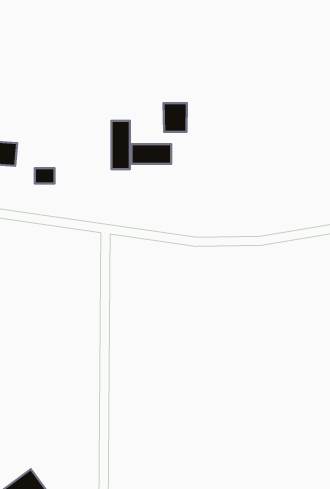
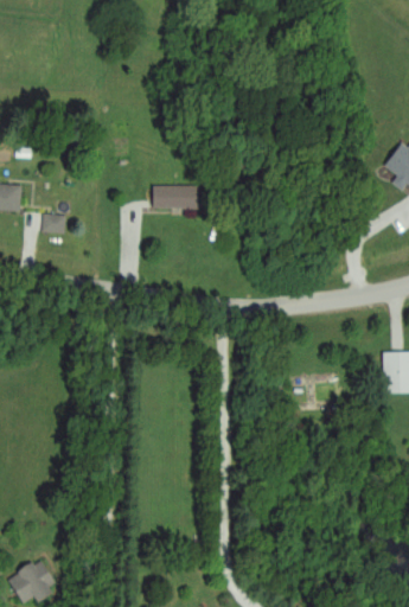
building: [164,103,187,132] -> none
building: [112,121,130,169] -> none

